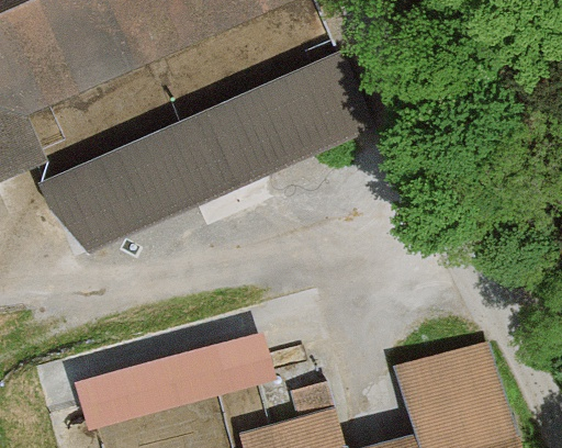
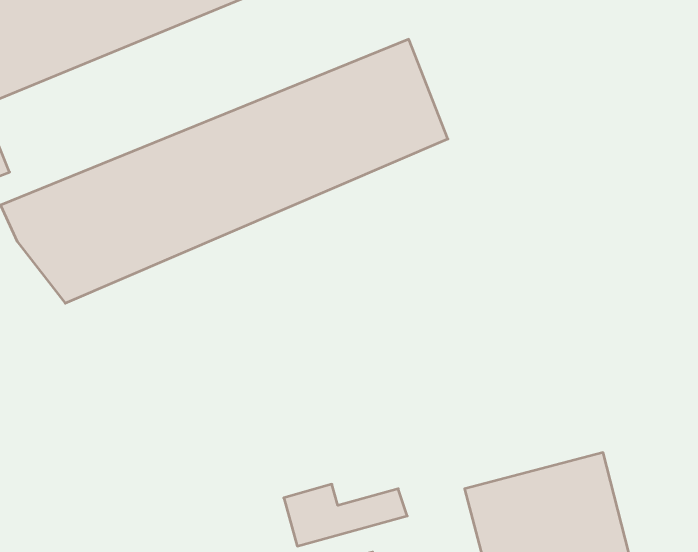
building: [83,328,277,422] -> none

